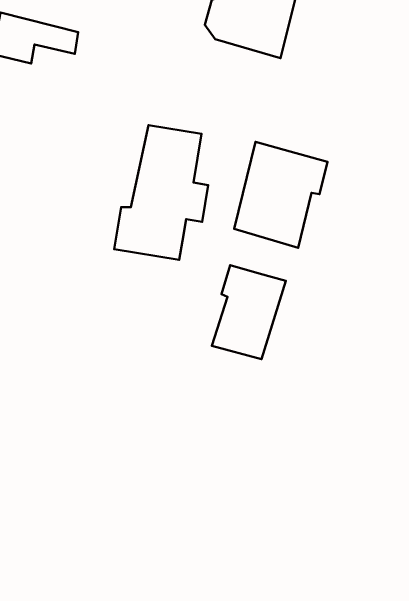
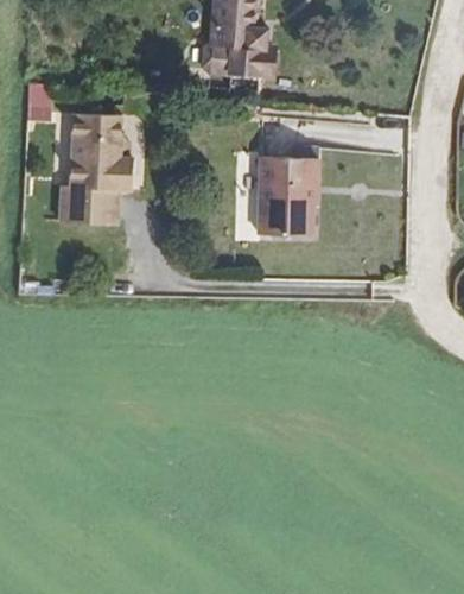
building: [114,125,208,260] -> [62,113,133,223]
building: [212,265,286,359] -> none

